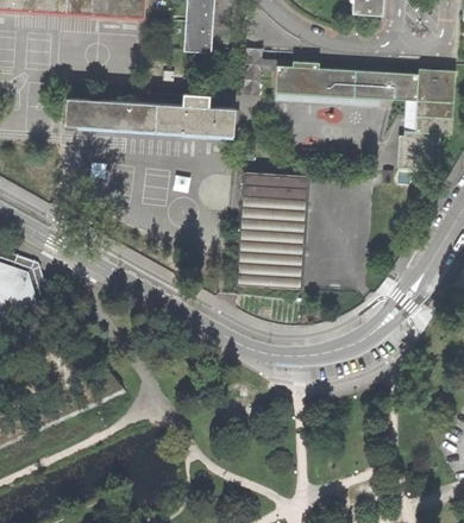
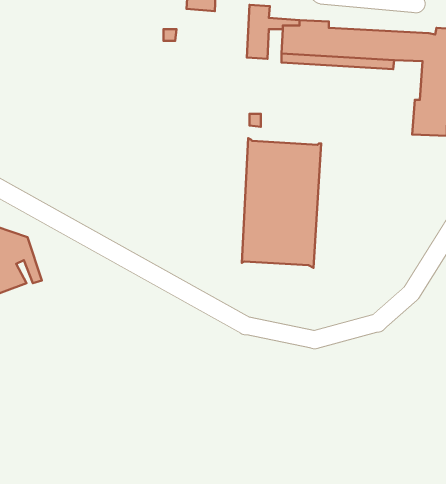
building: [67,93,236,137] -> none

